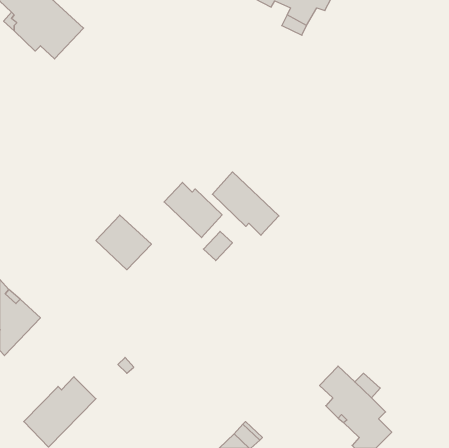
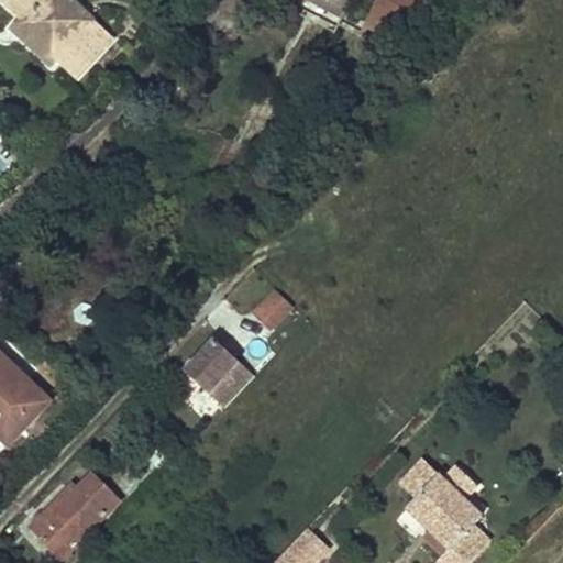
building: [212,172,279,235] -> none
building: [164,182,222,238] -> none
building: [96,215,151,270] -> [185,338,254,406]

